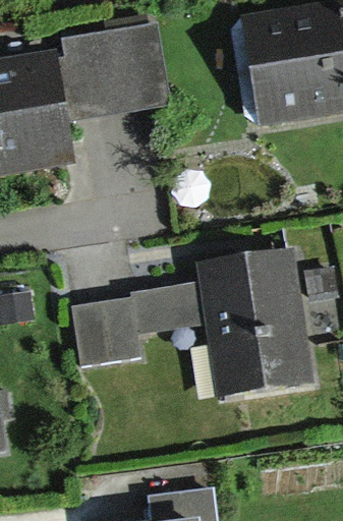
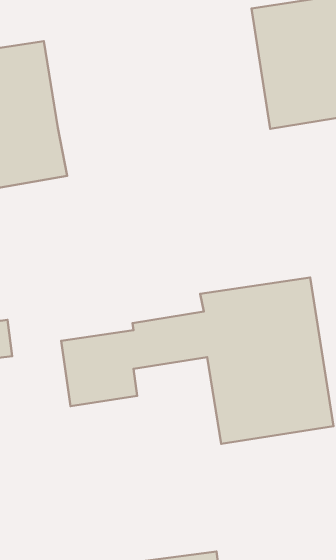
building: [56,21,169,122] -> none

